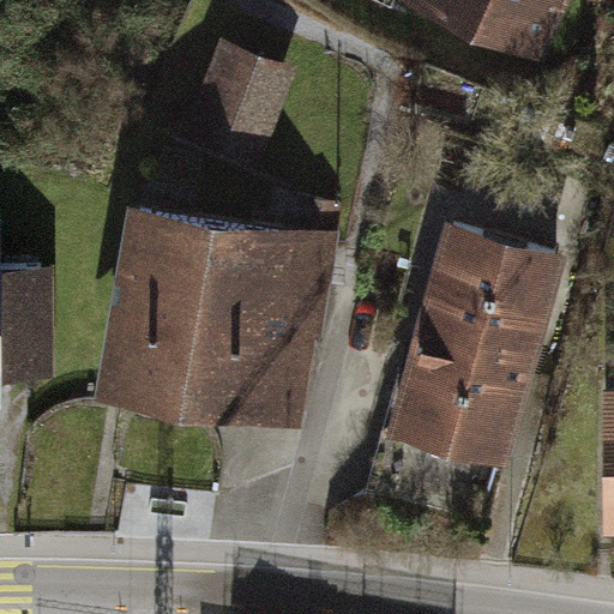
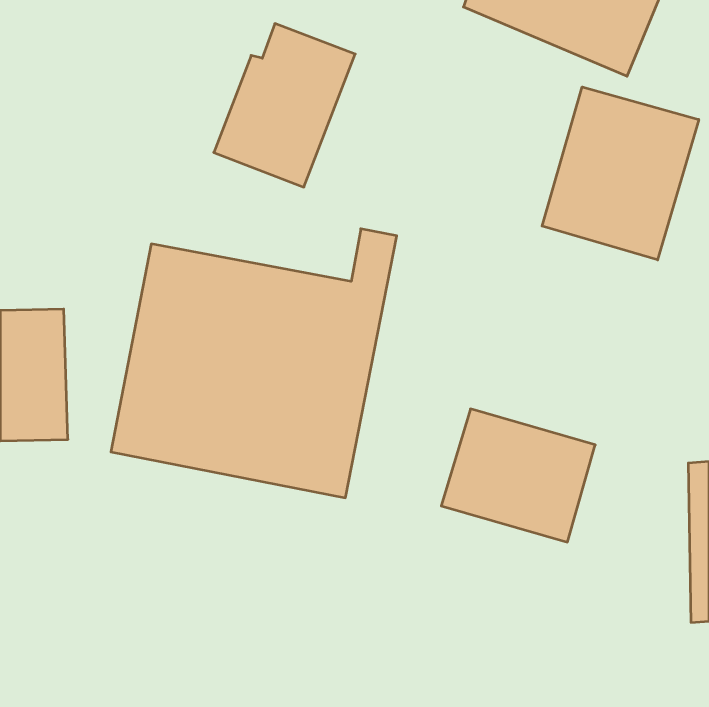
building: none -> [542,87,699,260]
building: [407,229,571,391] -> none

